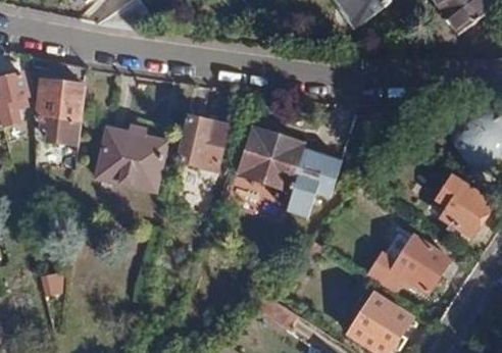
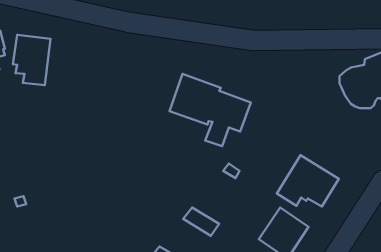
building: [181,114,224,165] -> none
building: [97,131,163,185] -> none
building: [437,177,490,234] -> none

